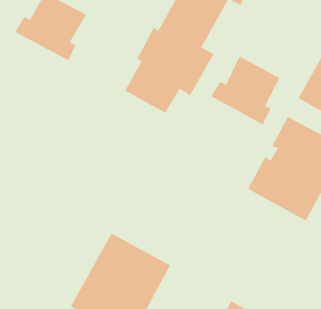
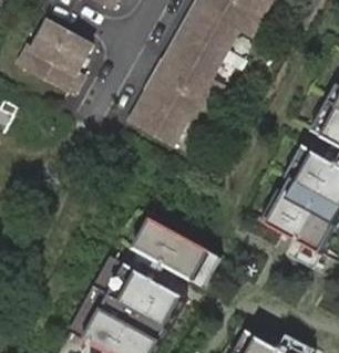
building: [210,55,281,125] -> none
building: none -> [130,219,207,282]

